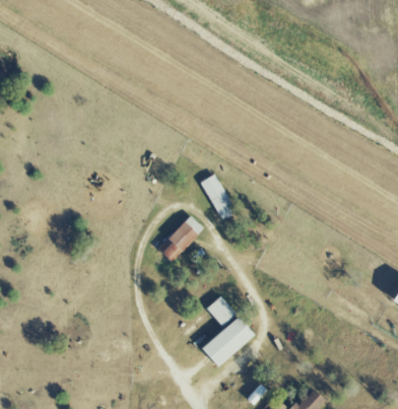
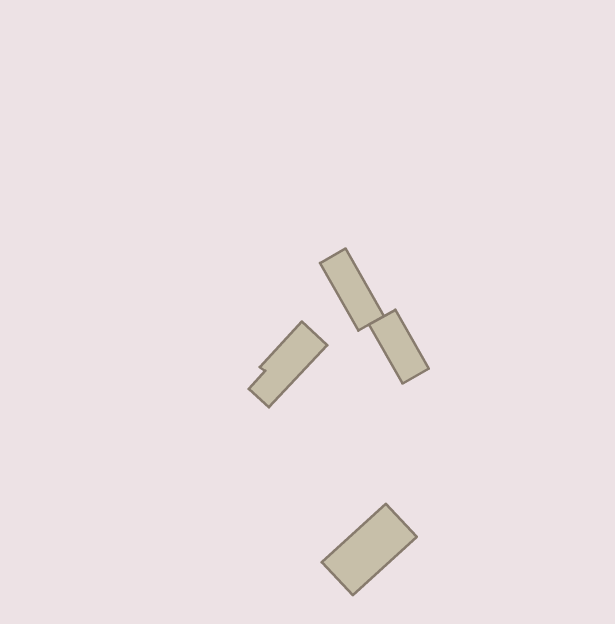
building: none -> [369,310,429,383]
building: [207,296,236,326] -> none

